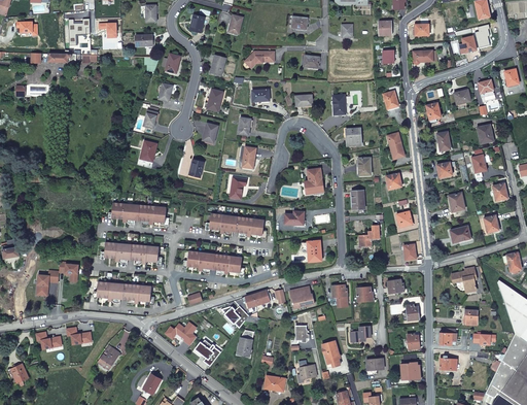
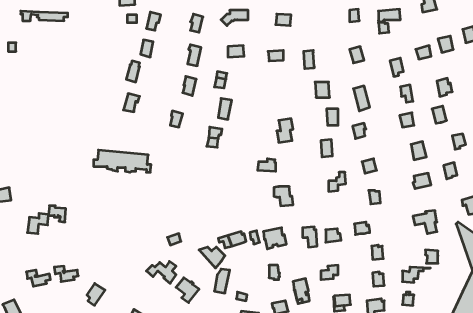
building: [205,211,267,238] -> none
building: [101,242,162,264] -> none
building: [183,249,245,275] -> none
building: [93,281,154,304] -> none

